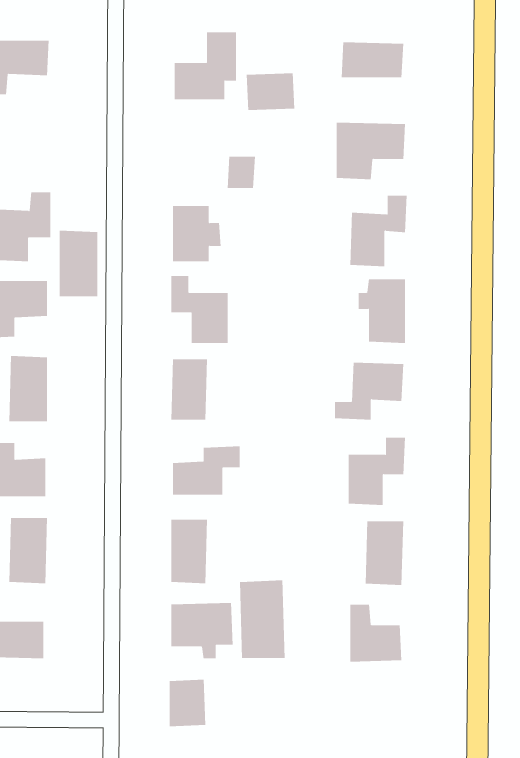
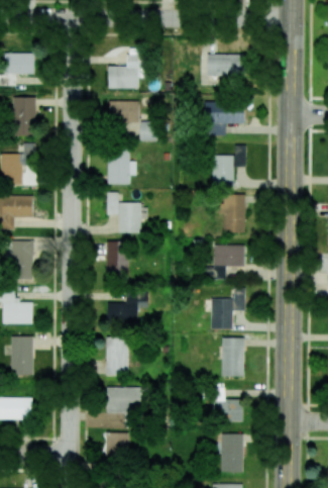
building: [246,73,295,110] -> [108,100,137,122]
building: [59,230,98,297] -> [12,96,35,135]
building: [239,580,285,659] -> none
building: none -> [221,432,243,471]

